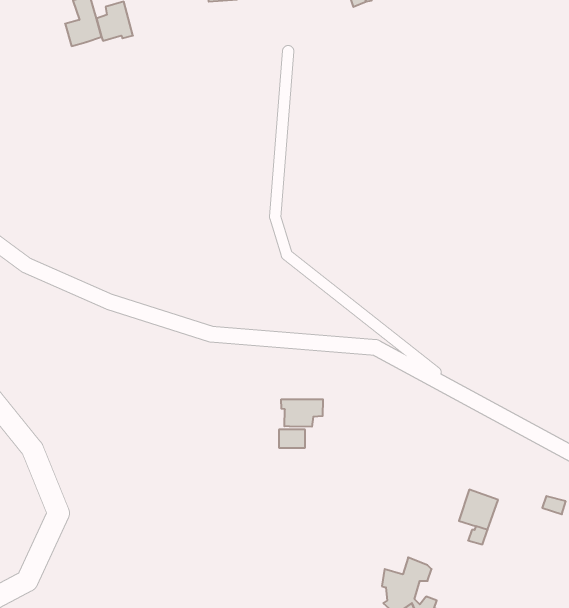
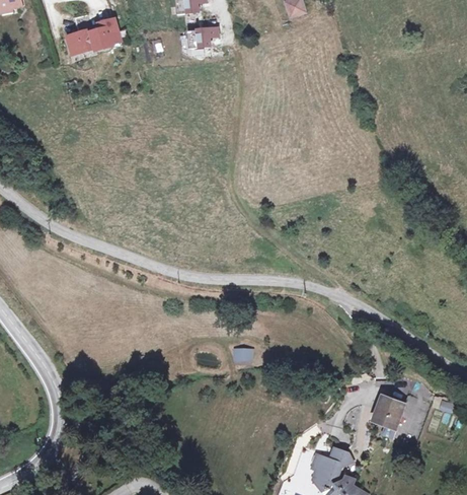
building: none -> [188,29,220,50]
building: [281,399,323,427] -> none

